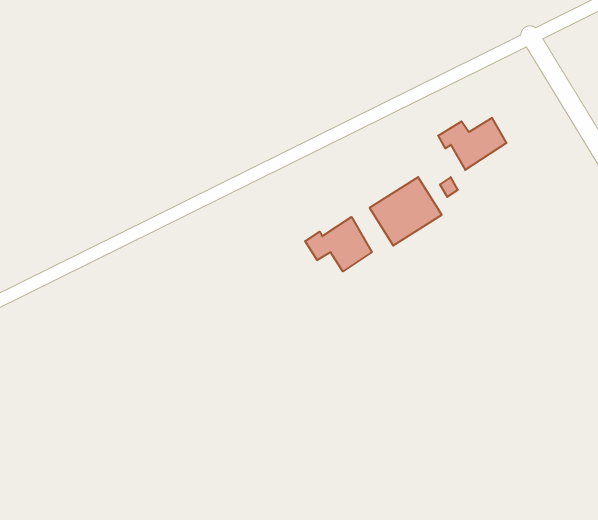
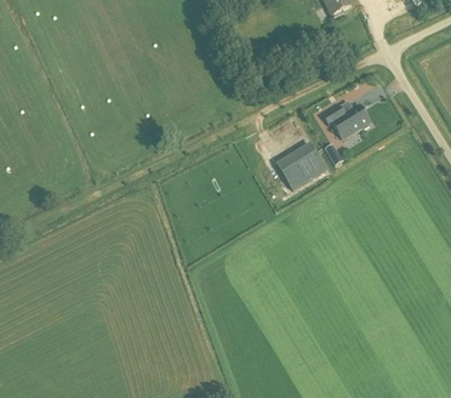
building: [305,217,372,271] -> none

